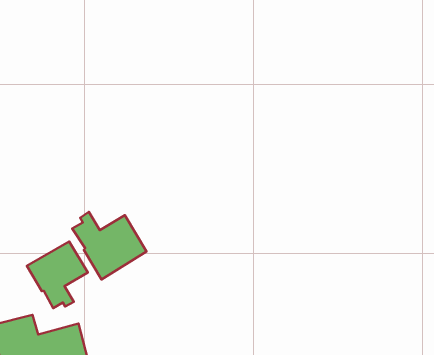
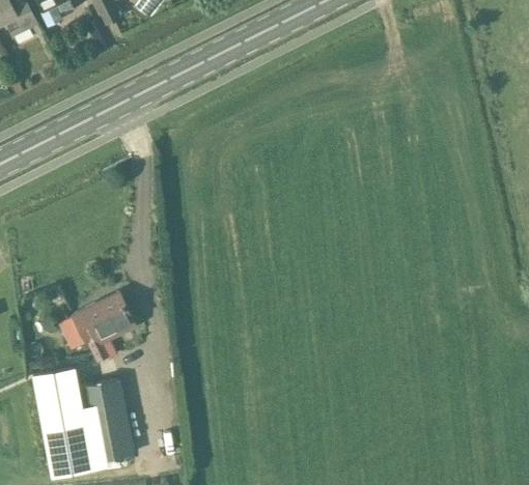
building: [72,212,146,279] -> none

